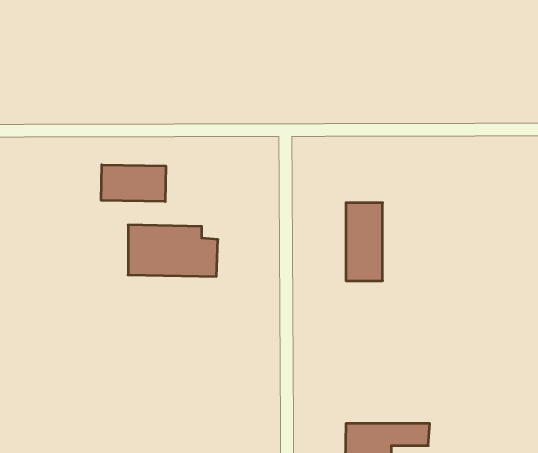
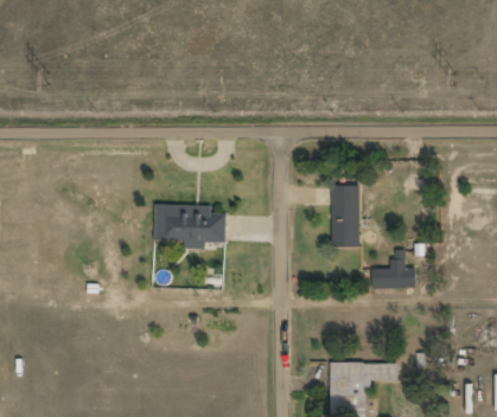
building: [101,165,166,202] -> none
building: none -> [371,252,414,288]

